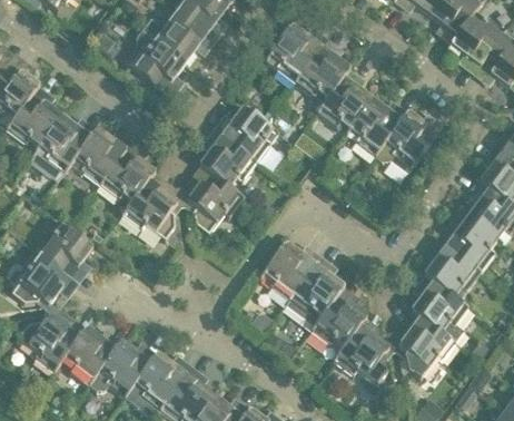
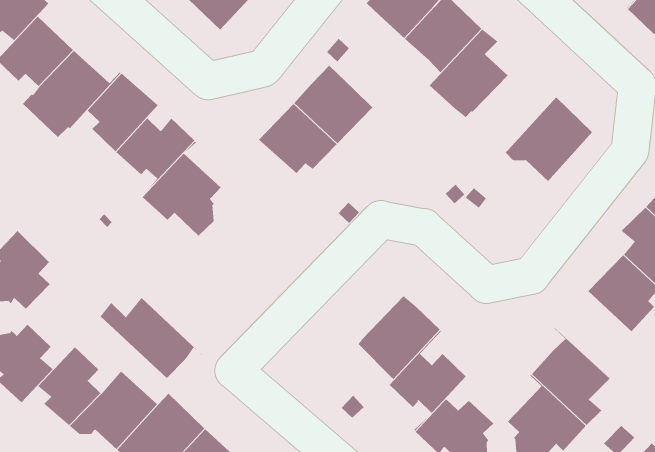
building: [349,98,407,154] -> none
building: [187,164,243,231] -> none
building: [36,223,92,267] -> none
building: [264,241,315,297] -> none
building: [424,245,480,305] -> none
building: none -> [100,297,209,379]

